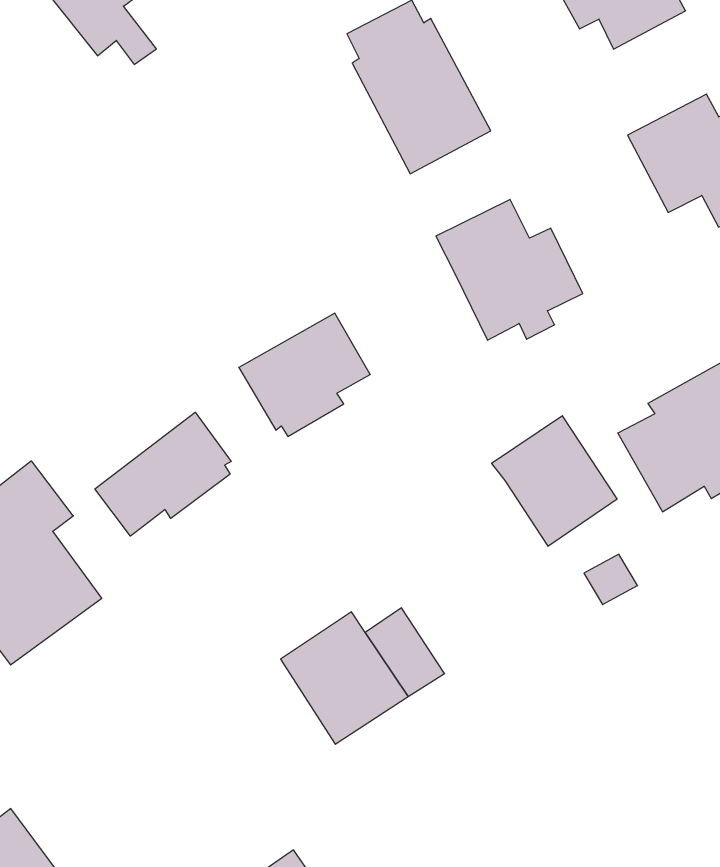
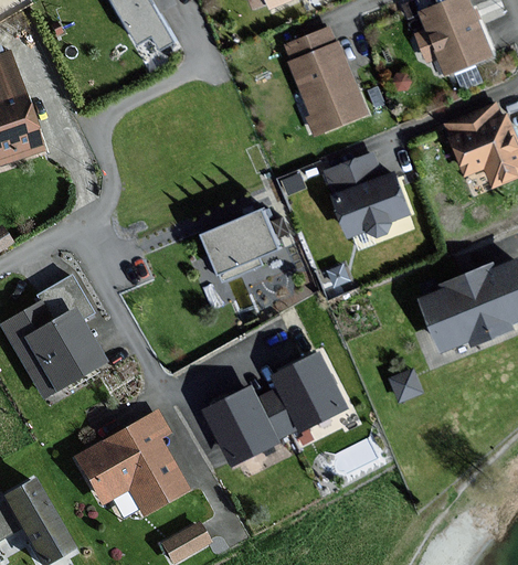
building: [95,412,231,536] -> none
building: [492,416,617,546] -> [273,353,345,429]
building: none -> [77,411,186,512]

